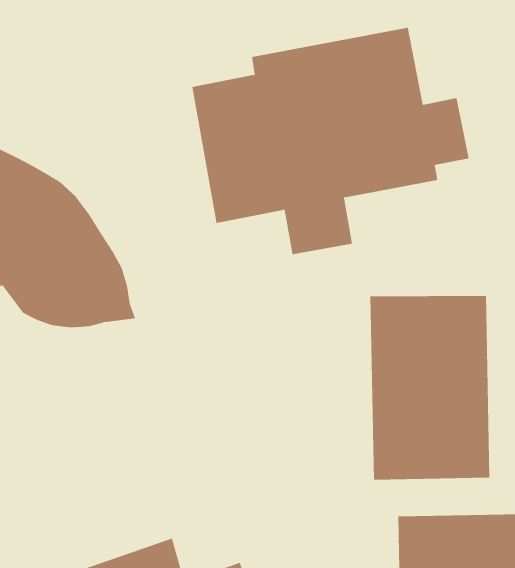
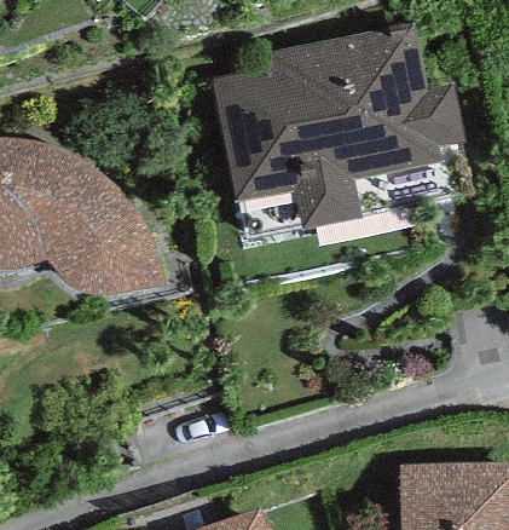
building: [370,295,490,480] -> none

